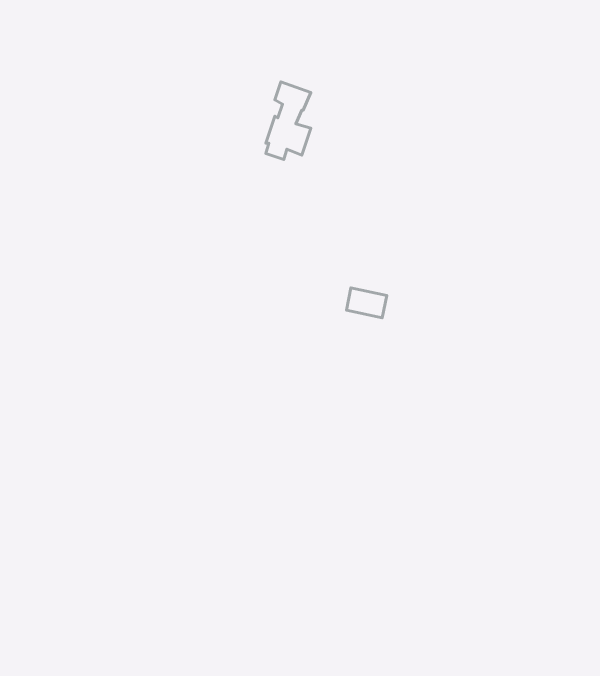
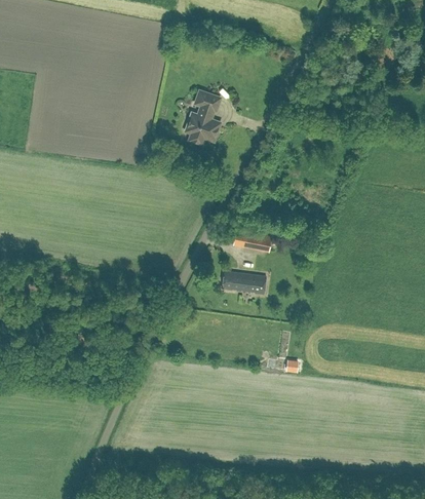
building: none -> [221,270,264,293]

